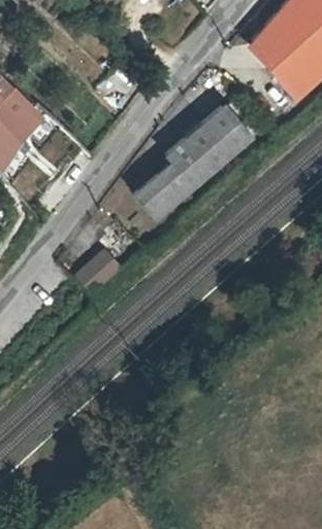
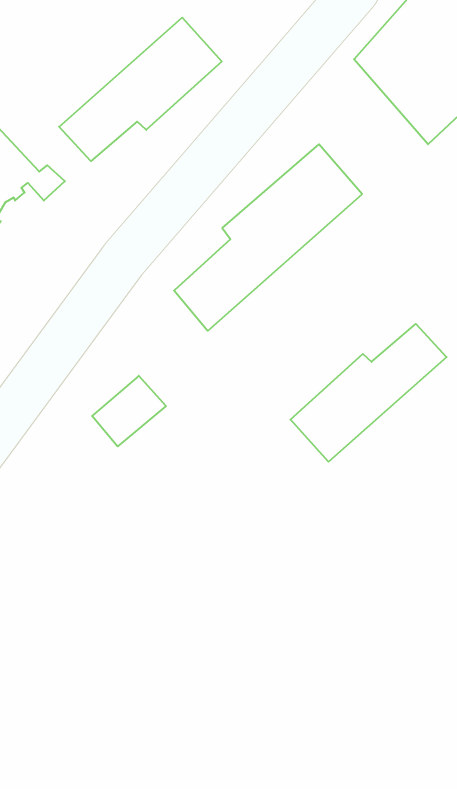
building: none -> [59,18,222,161]
building: none -> [290,324,447,462]

